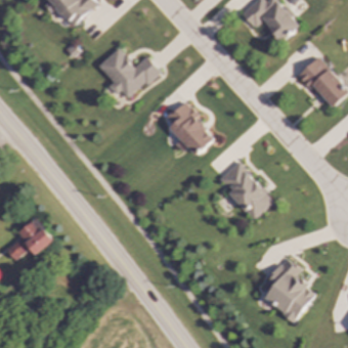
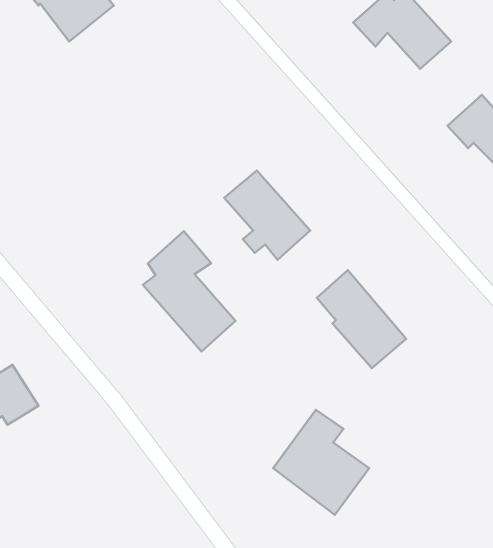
building: [97,47,159,99] -> none
building: none -> [143,231,236,351]
building: [258,258,315,320] -> [273,410,369,515]

